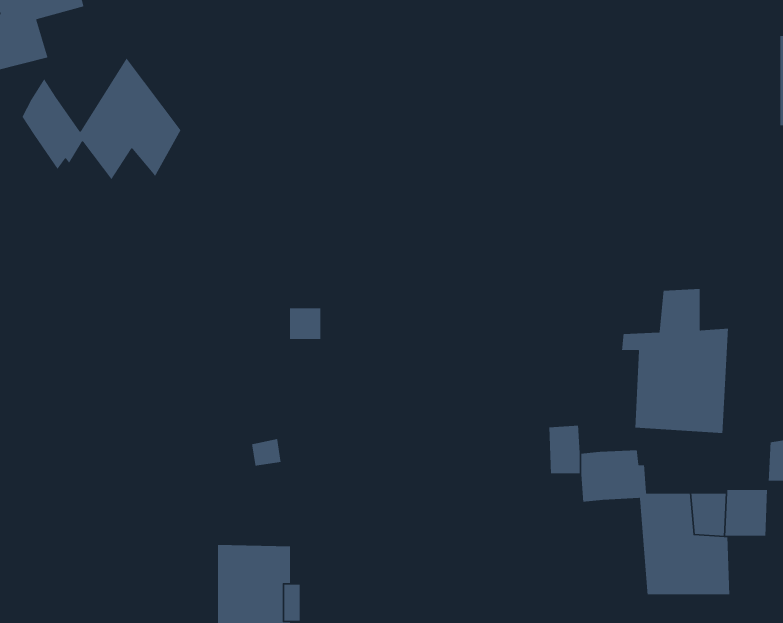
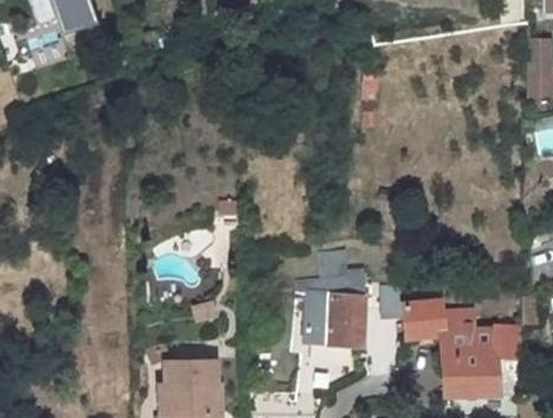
building: [22,57,182,180] -> none
building: [621,288,729,434] -> [296,253,364,345]

